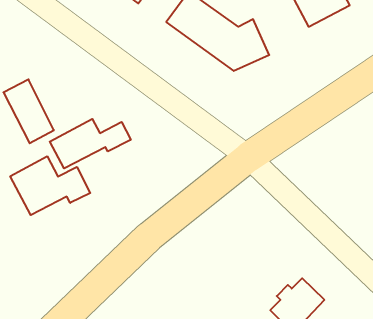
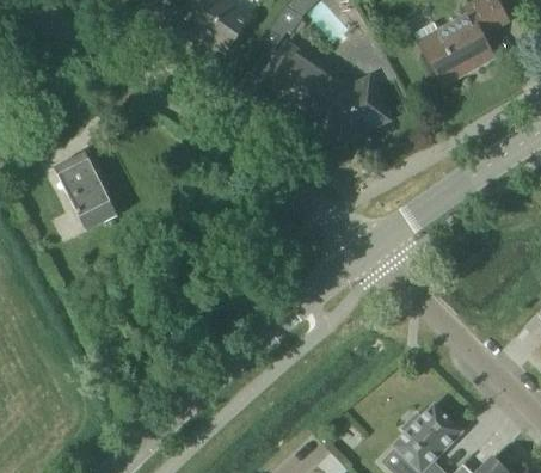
building: [50,119,131,168] -> none
building: [10,156,90,215] -> none

